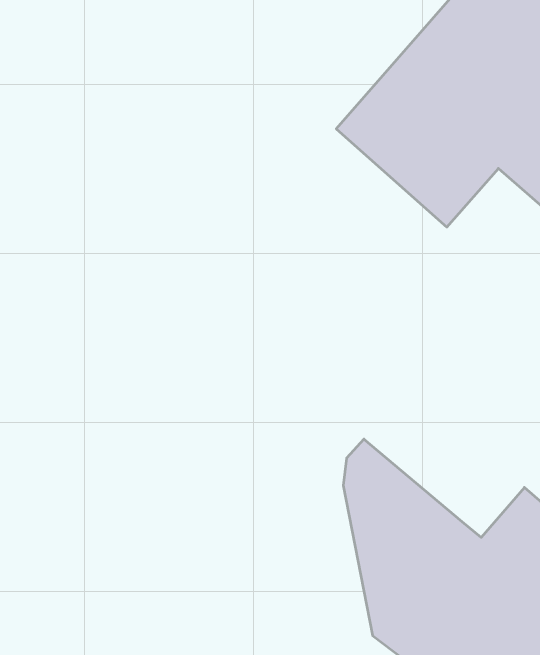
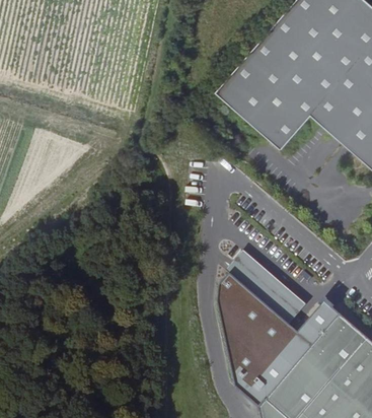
building: none -> [227,251,307,324]

